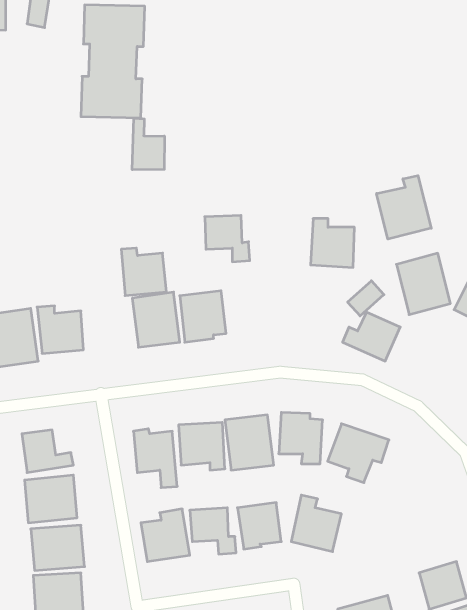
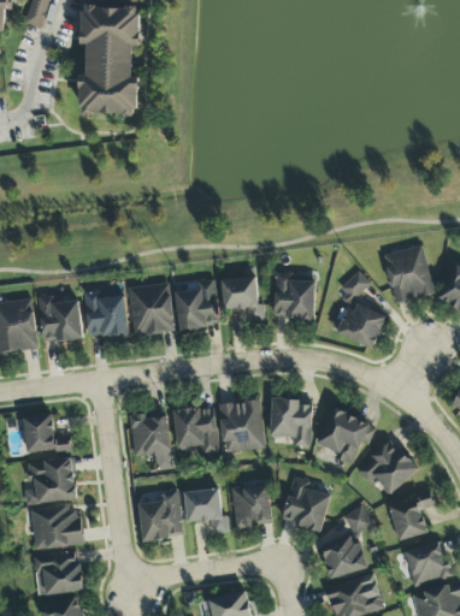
building: [132,118,164,170] -> none
building: [377,176,431,239] -> none
building: [205,215,250,262] -> [222,277,265,321]
building: [311,219,354,267] -> [273,272,315,319]
building: [121,248,166,296] -> [84,290,128,336]
building: none -> [356,439,417,493]
building: none -> [389,493,435,539]
building: none -> [320,508,371,579]

